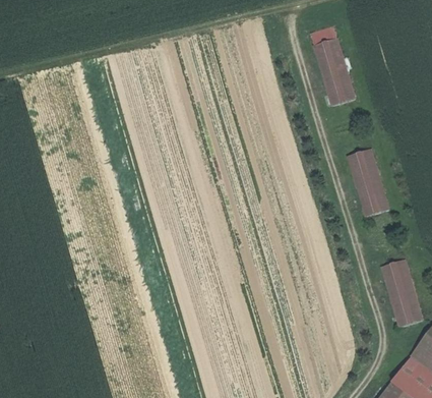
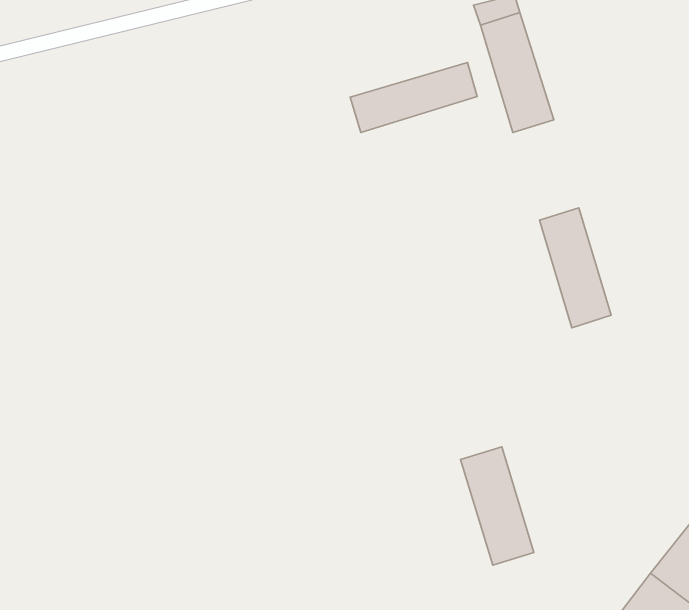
building: none -> [350,63,477,132]
building: [380,260,422,327] -> [460,447,534,565]

